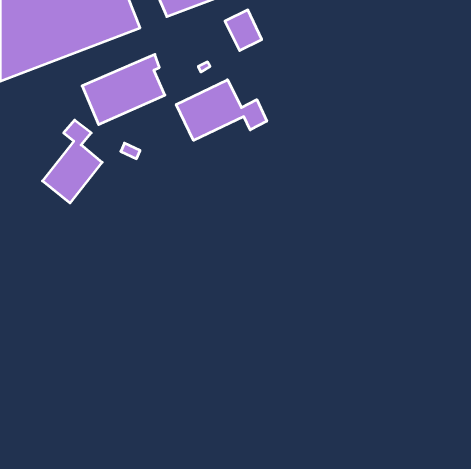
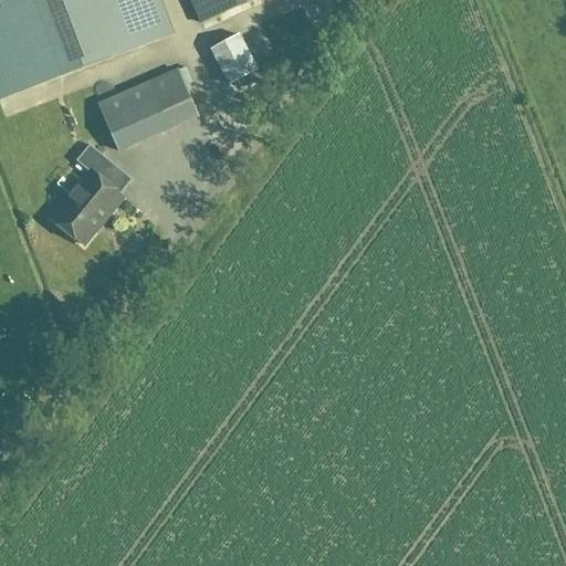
building: [225,10,262,51] -> [211,33,255,82]
building: [176,80,267,140] -> none

